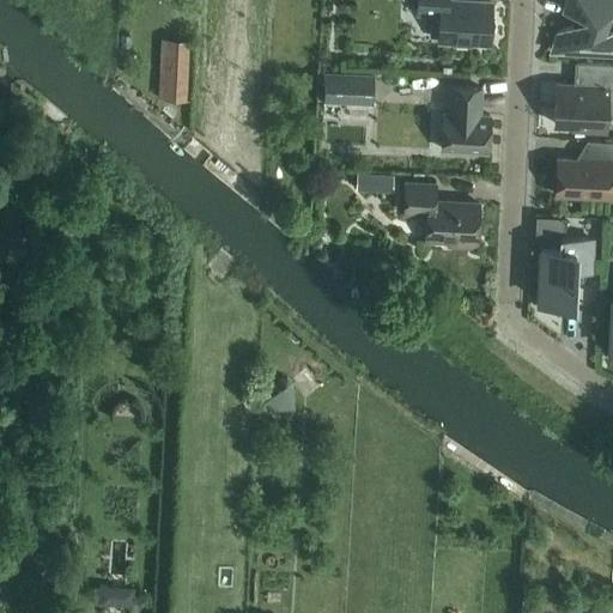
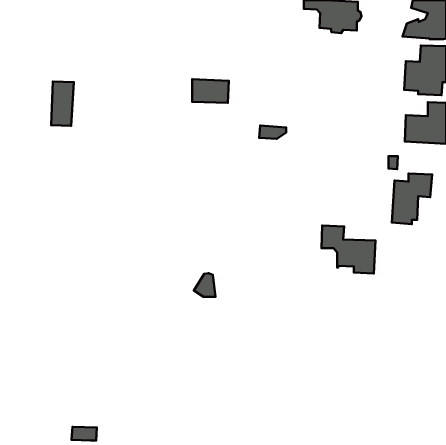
building: [158,40,189,101] -> [51,81,74,126]
building: [324,72,375,104] -> [192,79,229,103]
building: [442,87,490,152] -> none
building: [405,183,479,249] -> [321,226,376,274]

